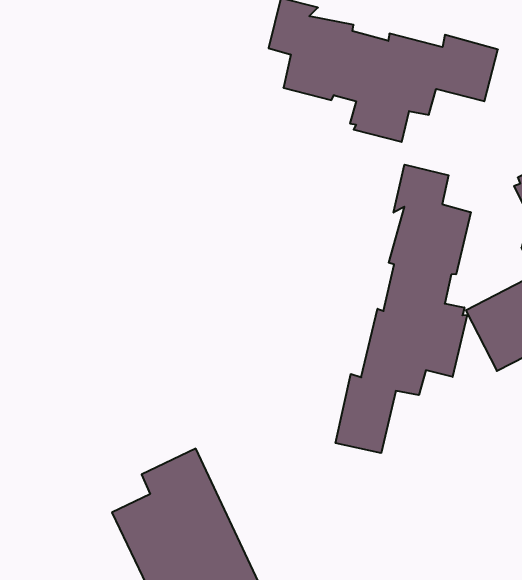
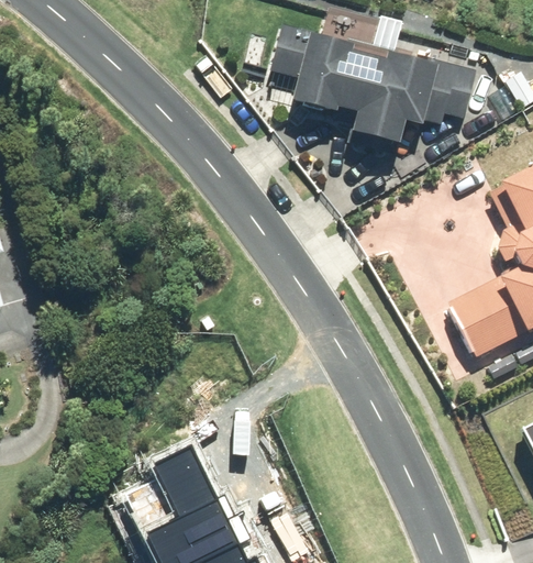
building: [336,165,471,453] -> none

